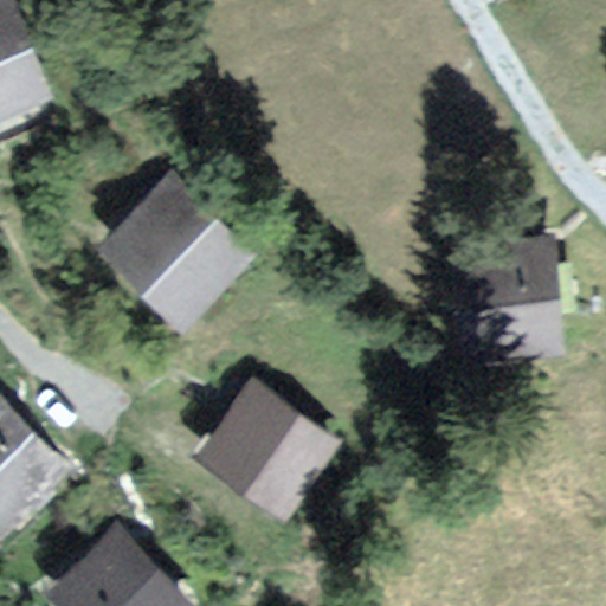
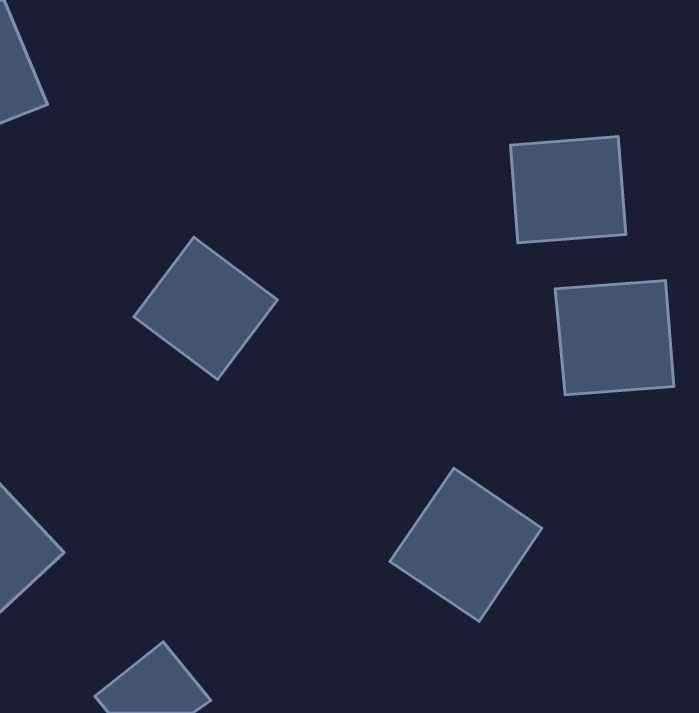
building: none -> [510,137,626,243]
building: [202,386,331,516] -> [390,468,542,621]

